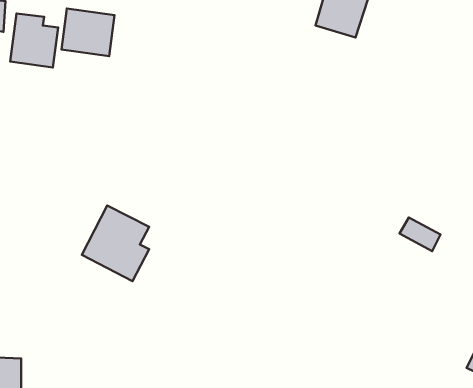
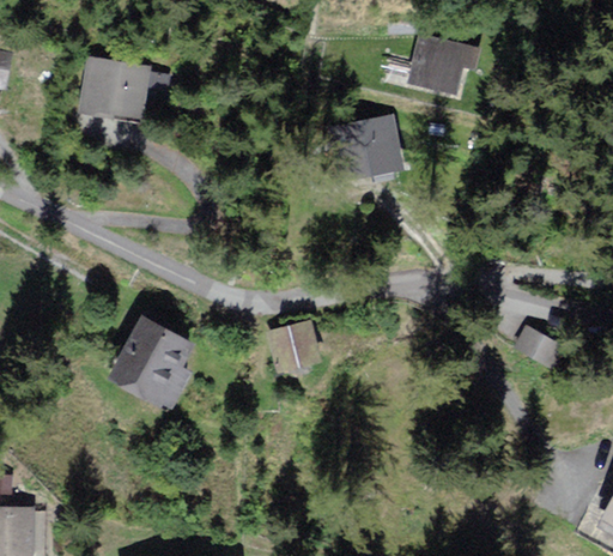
building: [10,13,58,67] -> none
building: none -> [328,115,403,177]
building: none -> [265,321,322,376]

